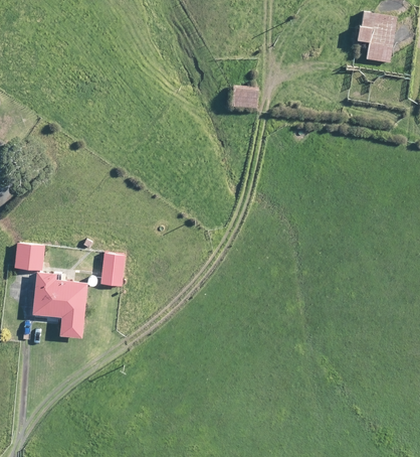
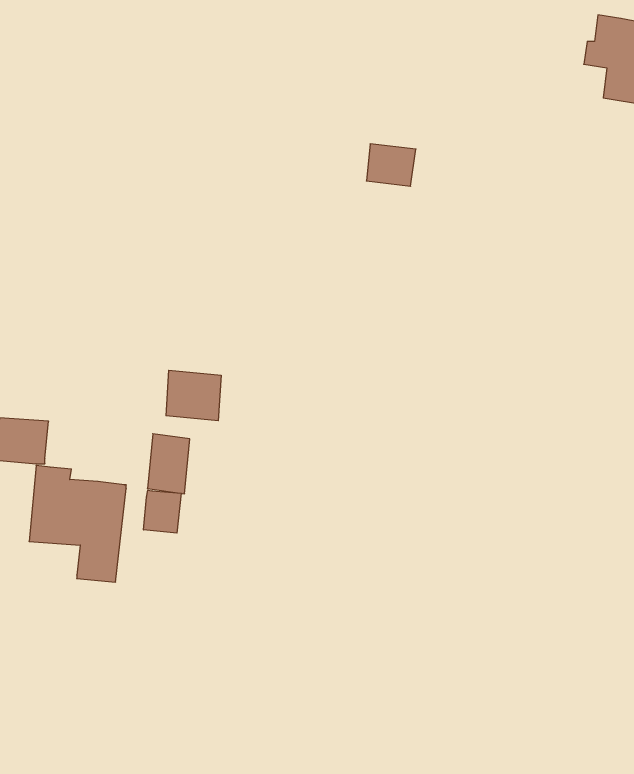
building: none -> [166,370,221,421]
building: none -> [144,490,181,533]

